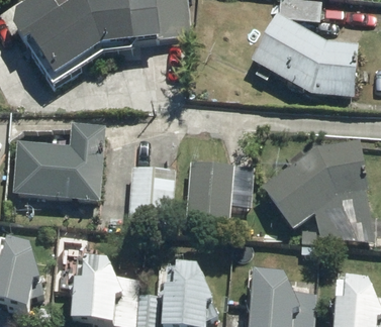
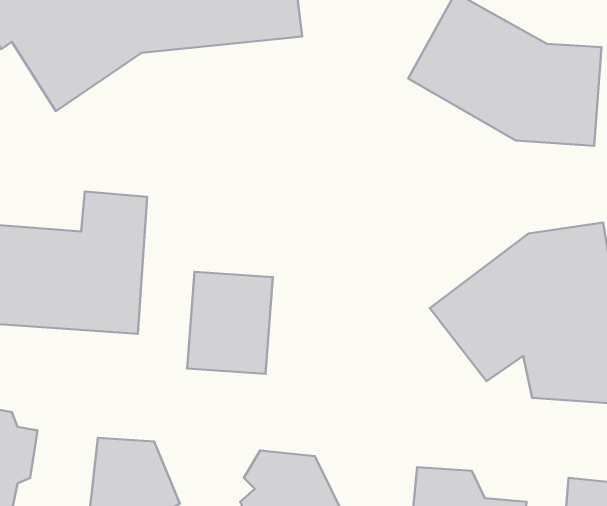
building: [185,159,253,226] -> none

